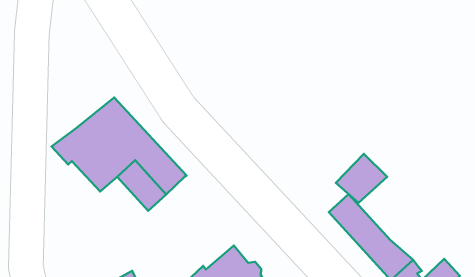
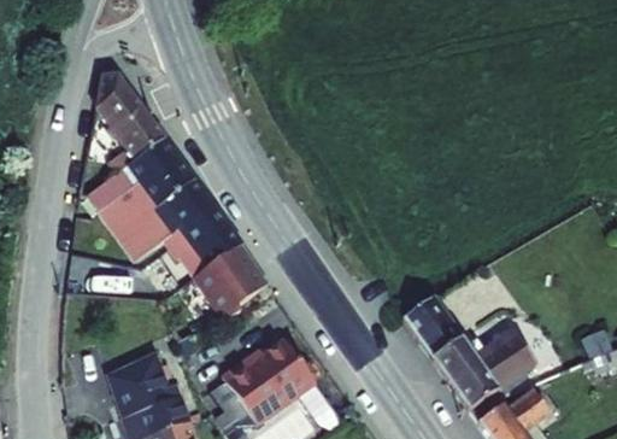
building: none -> [98,76,169,174]
building: [336,154,387,203] -> [475,329,537,387]
building: none -> [190,250,268,324]

